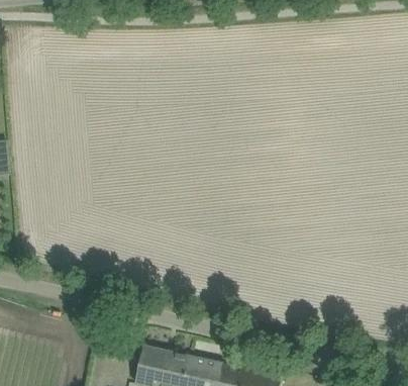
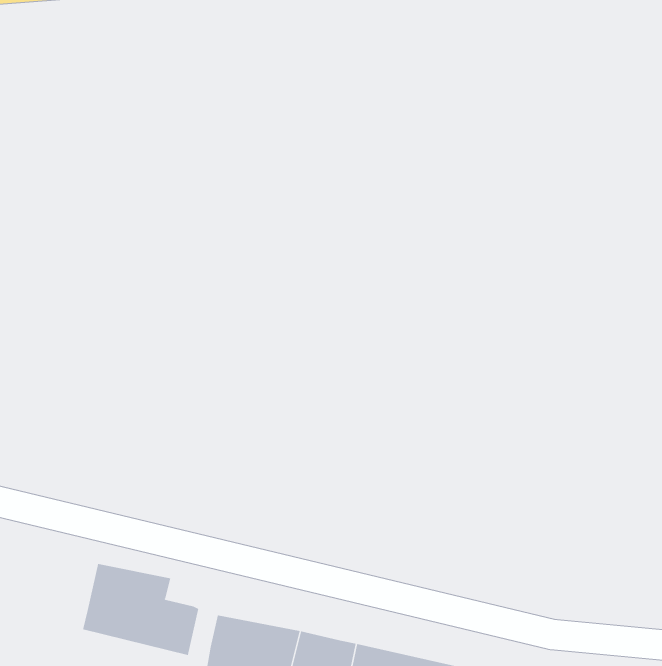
building: none -> [83,563,199,656]

